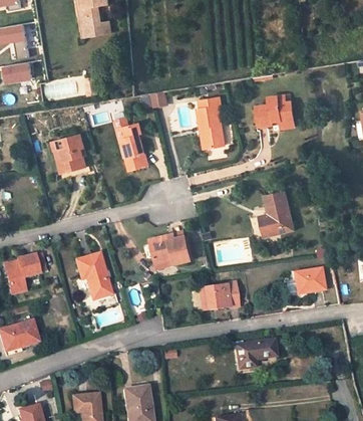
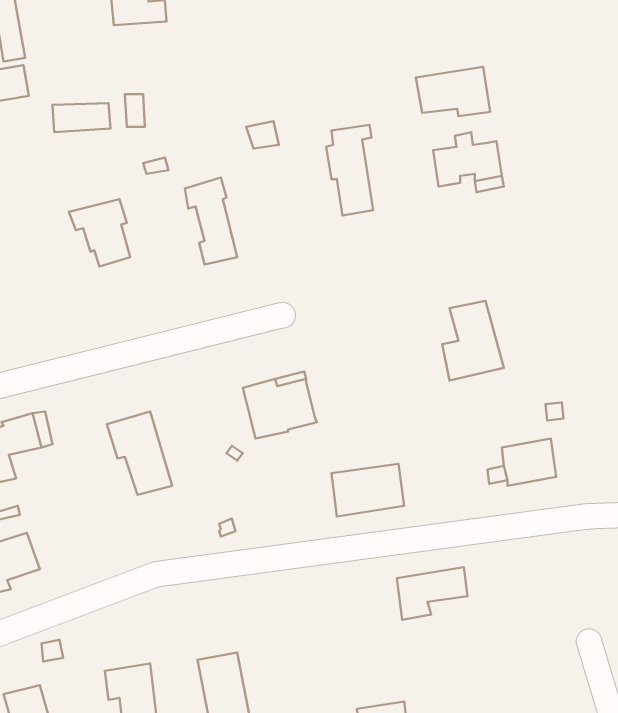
building: none -> [416,67,490,116]

